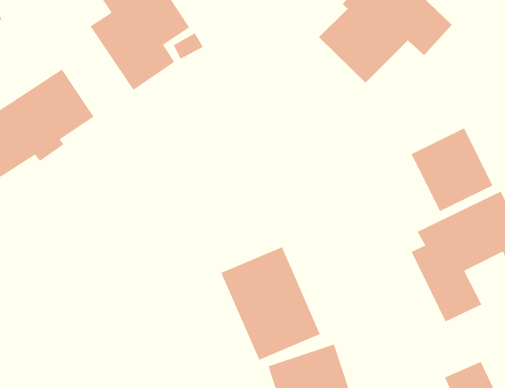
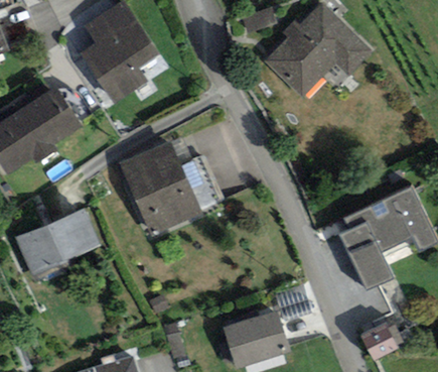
building: [411,127,494,212] -> none
building: none -> [14,206,101,276]
building: [220,246,321,361] -> [120,141,201,234]

